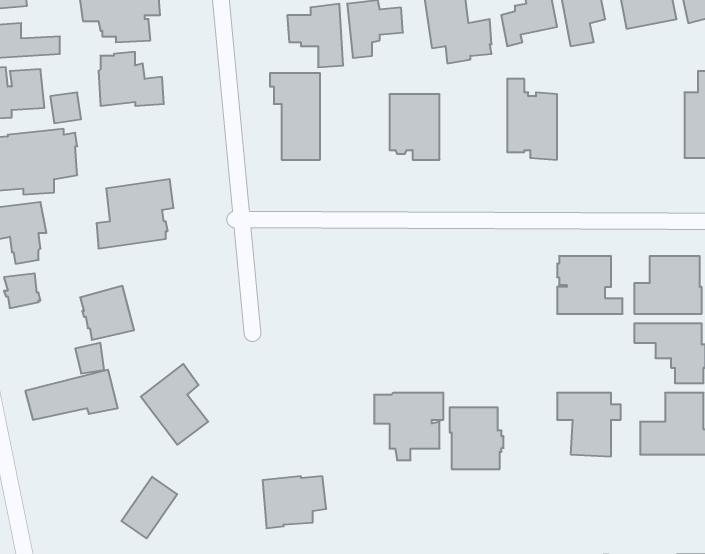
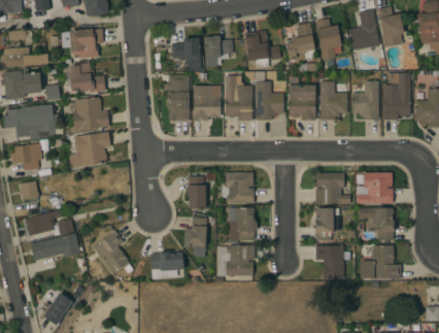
building: none -> [257,81,283,120]
building: none -> [319,81,347,121]
building: none -> [351,81,378,120]
building: none -> [193,86,221,121]
building: none -> [72,97,109,131]
building: none -> [222,172,254,203]
building: none -> [185,176,206,208]
building: [80,286,134,340] -> [25,212,54,241]
building: none -> [315,208,339,240]
building: none -> [184,218,207,246]
building: [450,407,504,469] -> [228,207,257,240]
building: [263,476,326,528] -> [150,252,184,279]
building: [121,477,177,538] -> [43,292,73,325]

